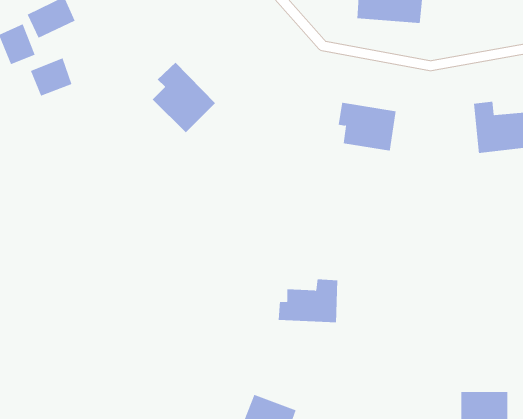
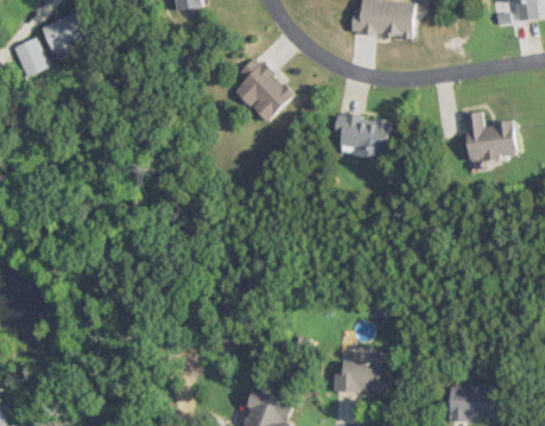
building: [30,58,72,97] -> none
building: [152,62,216,133] -> [234,56,294,123]
building: [278,279,338,323] -> [334,352,391,394]

